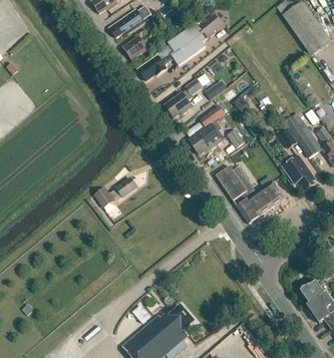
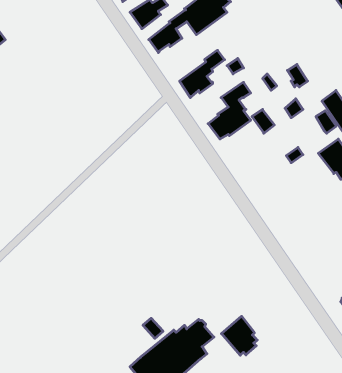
building: [216,165,284,223] -> none
building: [94,176,136,207] -> none
building: none -> [221,316,257,355]

